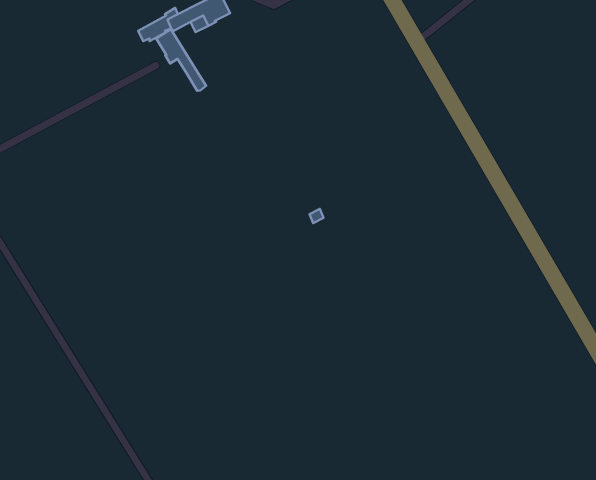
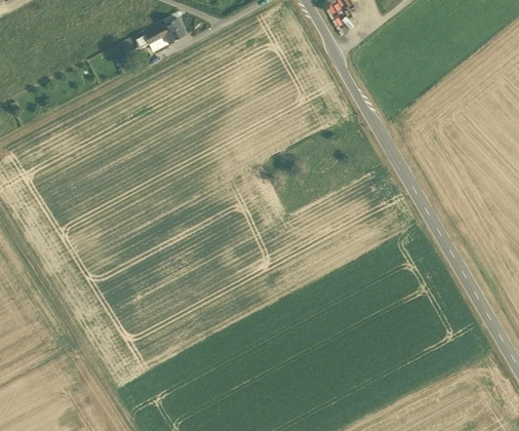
building: [156,29,206,91] -> none

